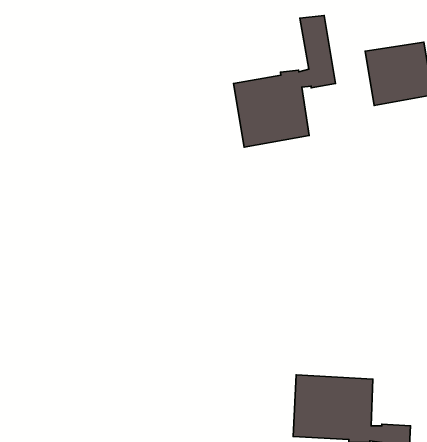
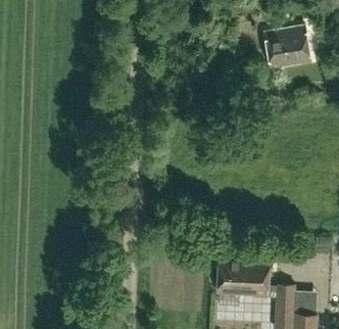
building: [234,15,335,147] -> none

